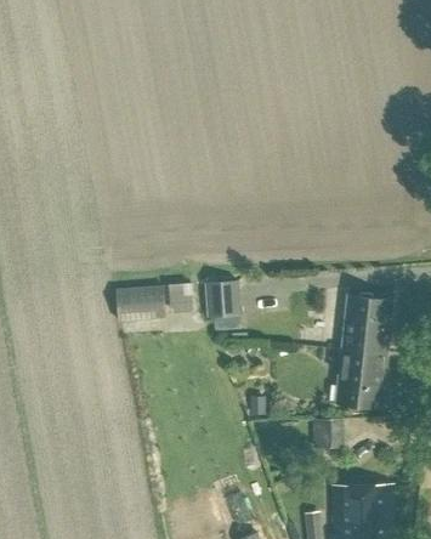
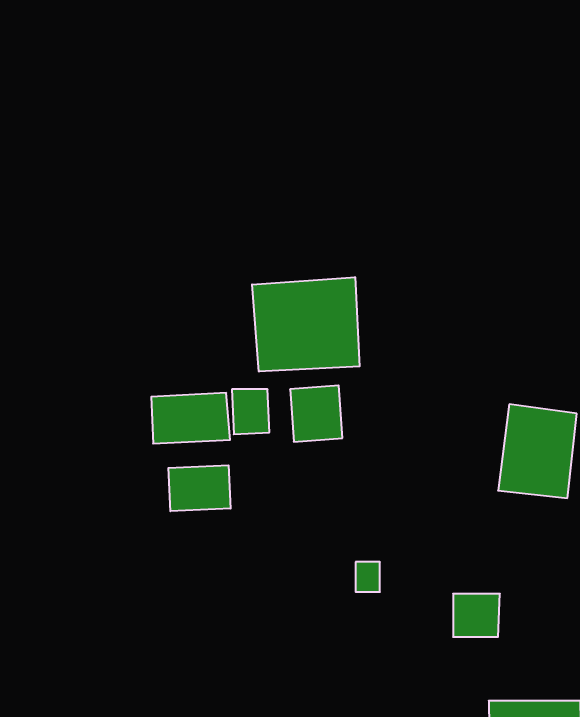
building: none -> [252,277,360,372]
building: none -> [168,465,231,511]
building: [335,350,386,407] -> none

